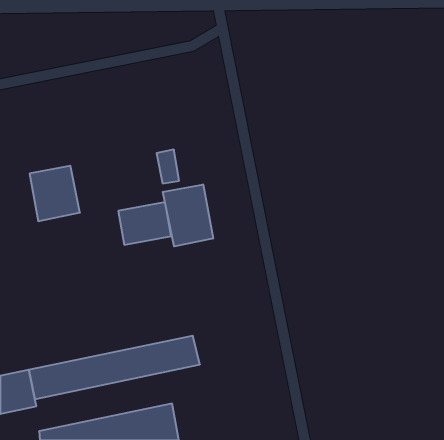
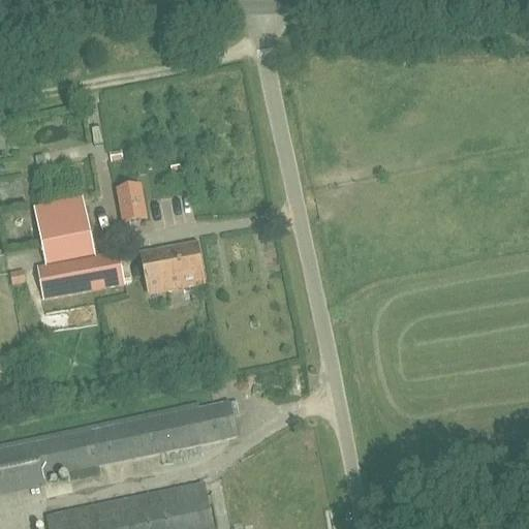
building: [157,150,179,183] -> [119,185,146,225]
building: [163,184,213,246] -> none
building: none -> [37,248,125,299]

